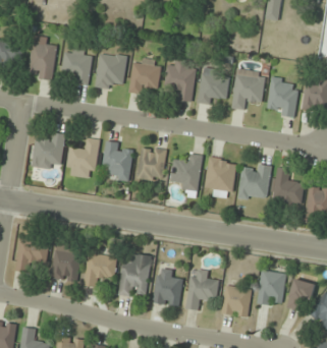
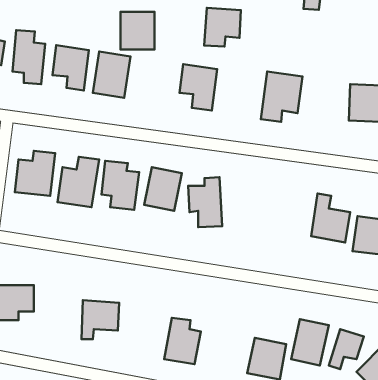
building: [131,60,159,91] -> [121,12,154,49]
building: [199,73,228,105] -> [204,8,241,47]
building: [266,78,297,116] -> none
building: [205,158,236,198] -> none
building: [238,164,270,201] -> none
building: [51,250,81,282] -> none
building: [119,253,151,297] -> none
building: [186,269,218,309] -> none

